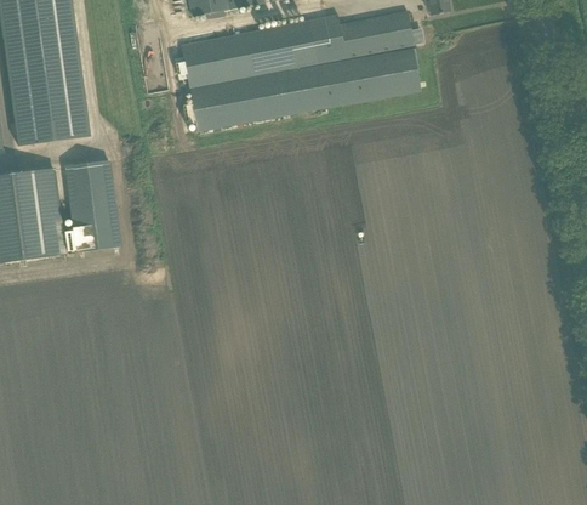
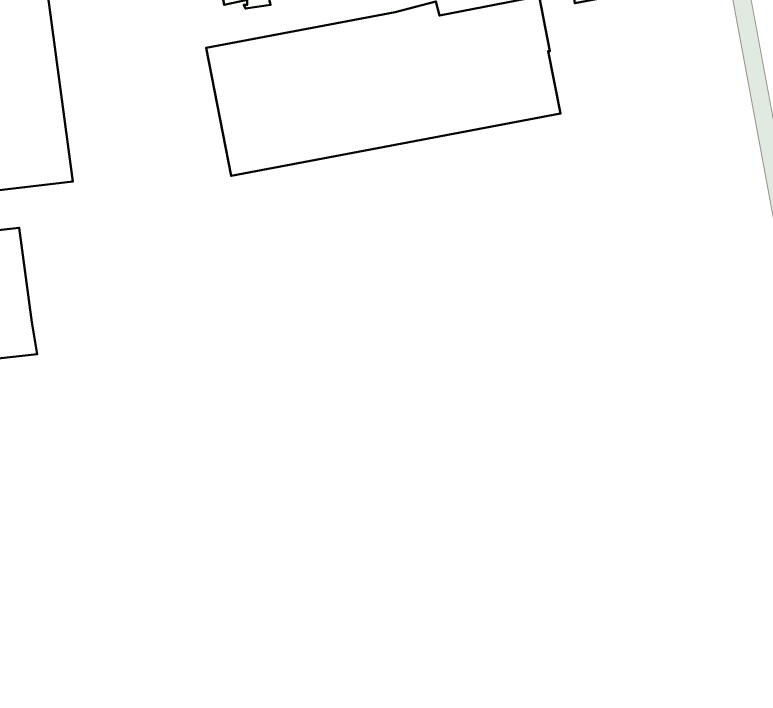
building: [62,159,121,254] -> none

